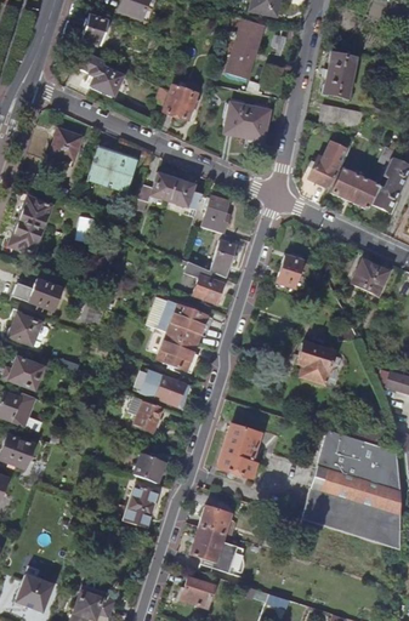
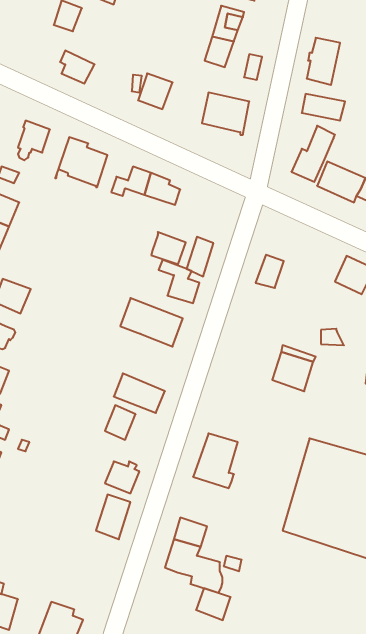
building: [199,192,232,222] -> [151,232,186,264]
building: [158,331,198,370] -> none
building: [181,579,214,609] -> [196,588,231,620]

